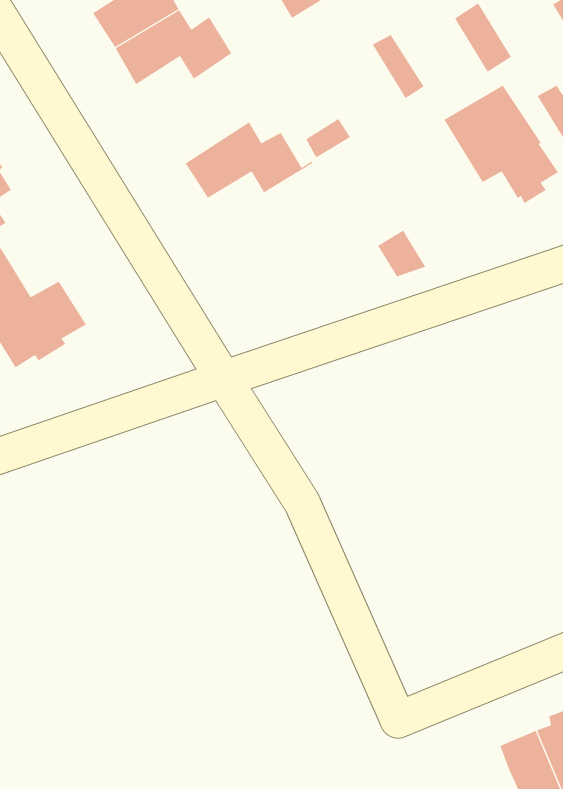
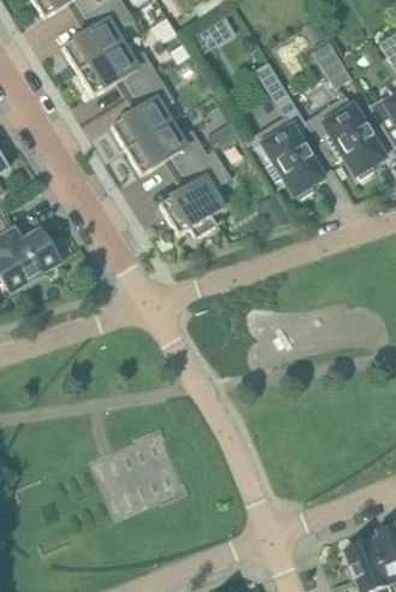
building: none -> [112,73,176,149]
building: none -> [249,114,324,197]
building: none -> [161,149,232,237]

